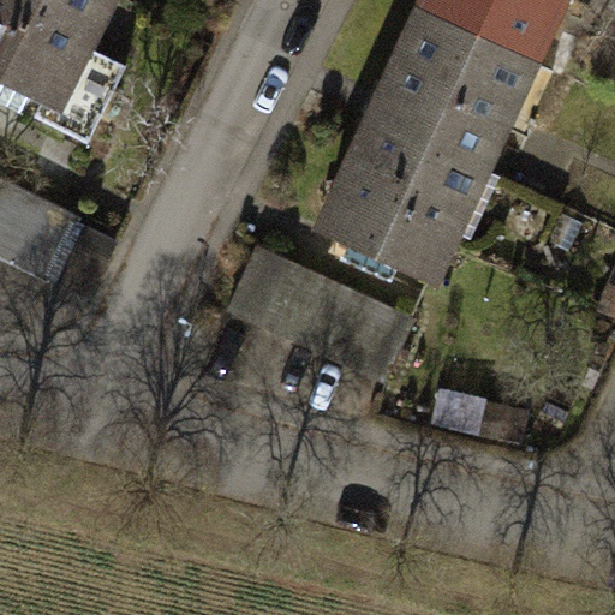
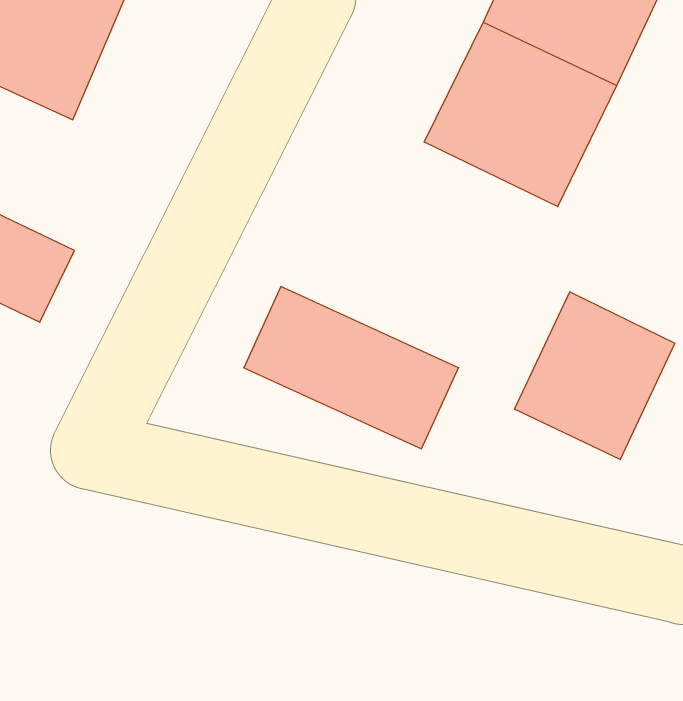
building: [320,124,486,285] -> none
building: none -> [514,292,675,460]

